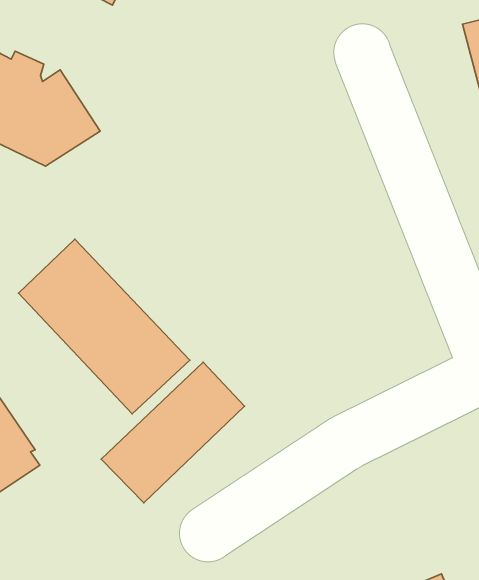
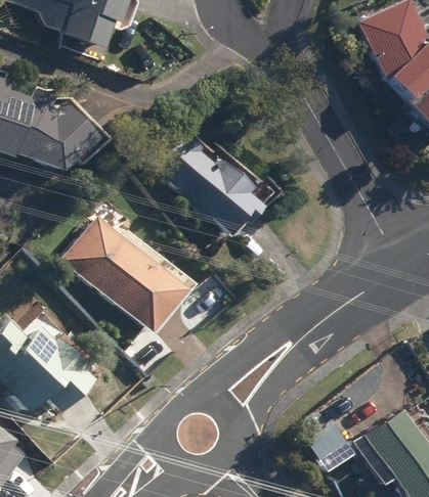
building: none -> [161,134,273,232]
building: [101,362,245,503] -> none

